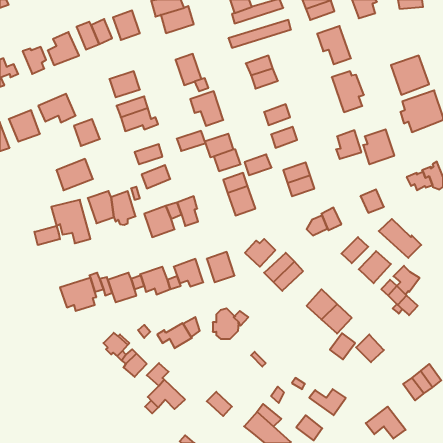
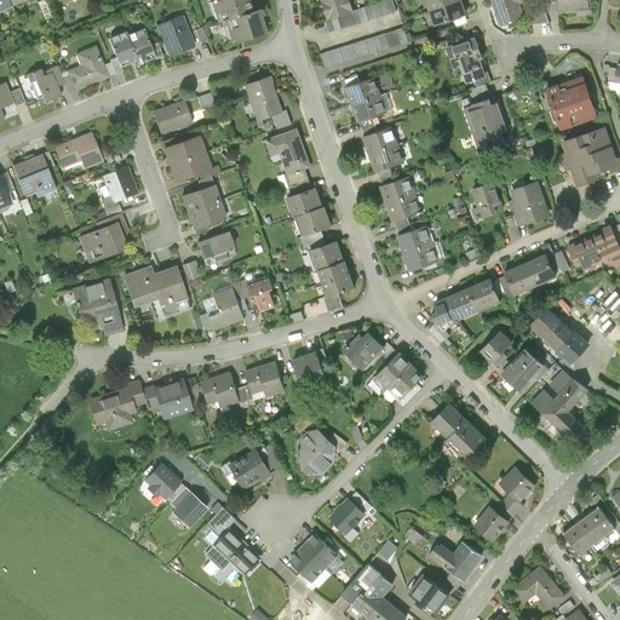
building: none -> [361,127,398,156]
building: [177,131,205,151] -> [182,184,222,212]
building: [245,154,272,175] -> [384,195,421,224]
building: none -> [524,254,557,288]
building: none -> [465,280,499,312]
building: [34,226,60,245] -> none
building: [330,333,355,359] -> [471,506,506,542]
building: none -> [329,499,363,532]
building: none -> [302,533,337,567]

